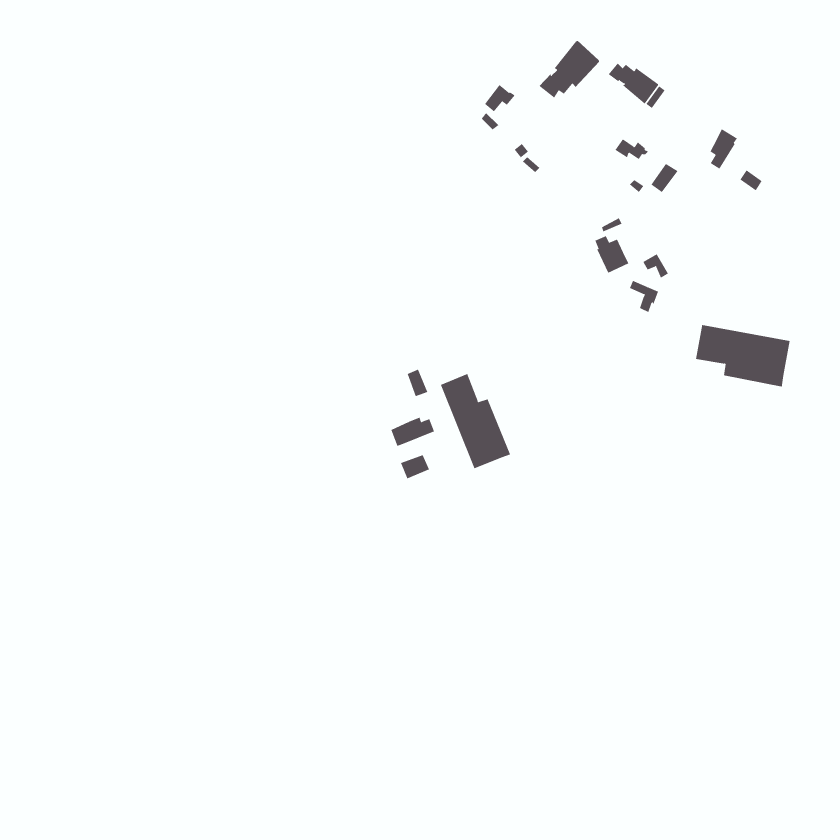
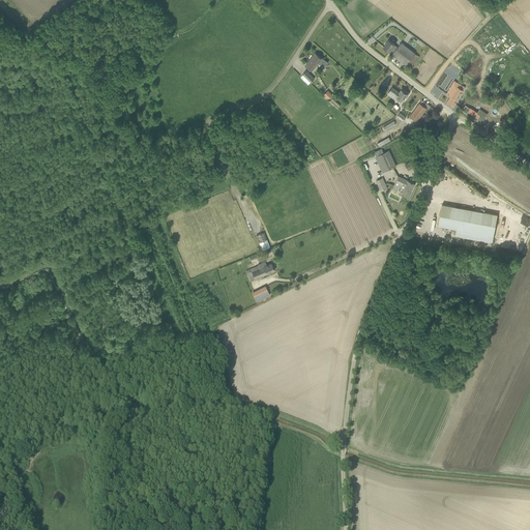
building: [539,40,600,98] -> none
building: [440,373,511,469] -> none

